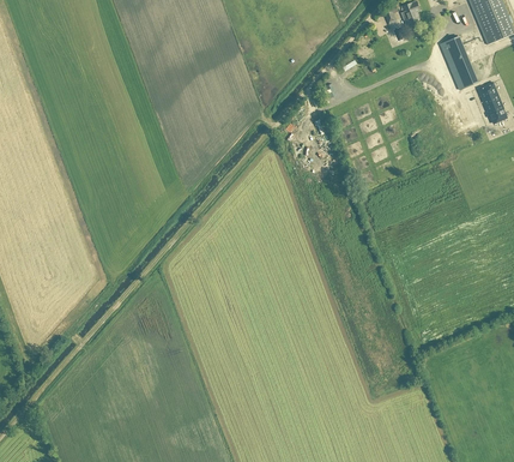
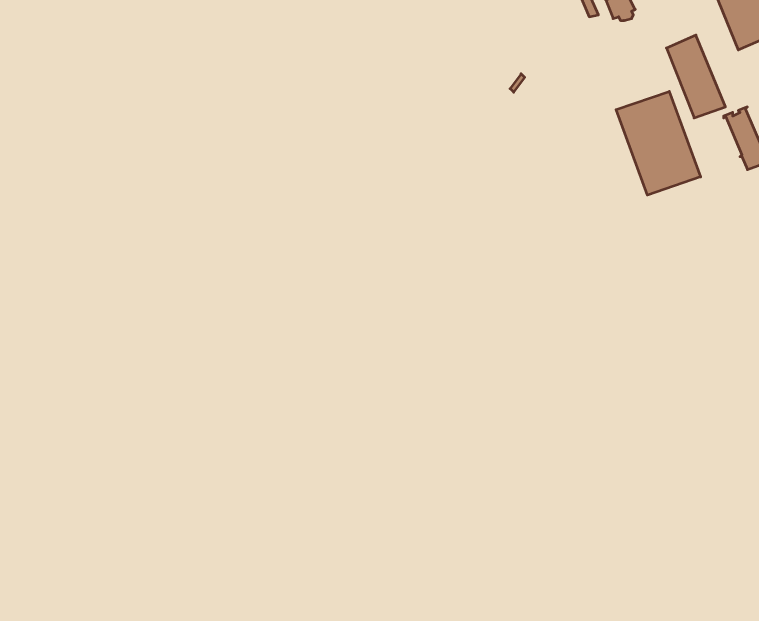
building: none -> [616,91,701,195]

